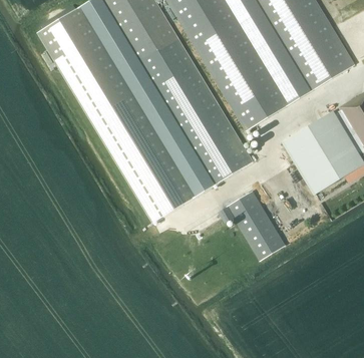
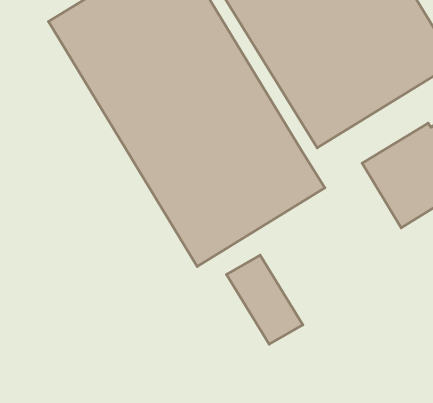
building: [227,191,286,260] -> [227,255,303,344]

